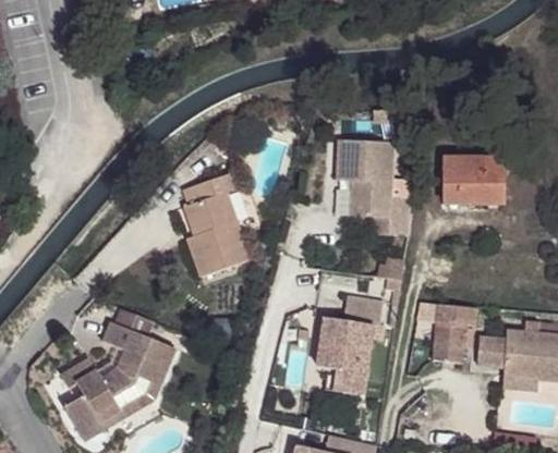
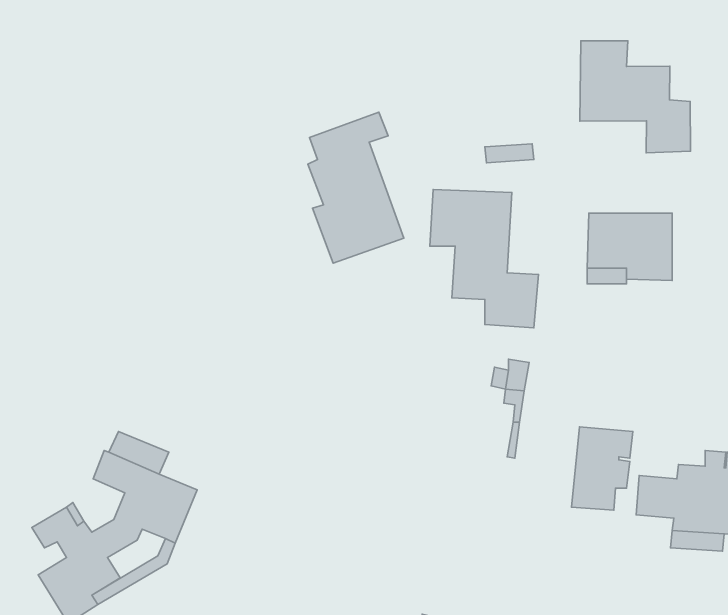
building: none -> [580,41,691,153]
building: [183,171,250,276] -> [308,112,404,263]
building: [317,296,383,395] -> none

